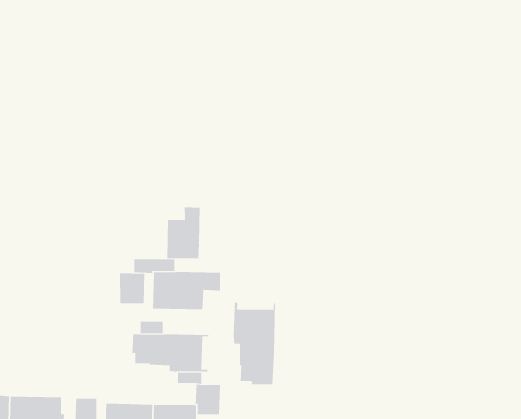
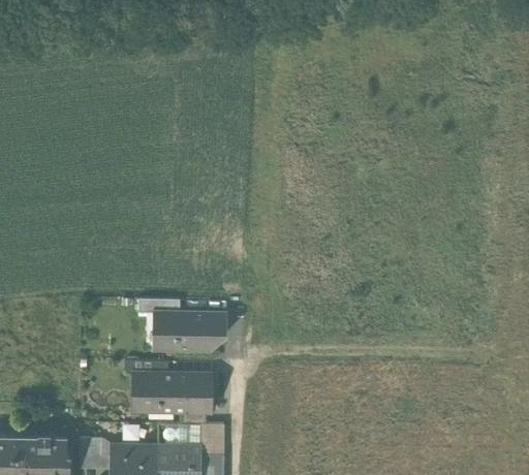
building: [167,206,200,259] -> none
building: [119,273,145,304] -> none
building: [233,302,276,385] -> none

